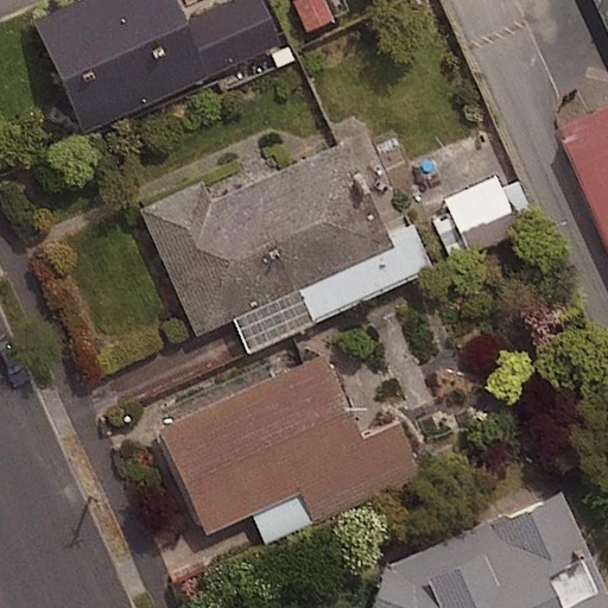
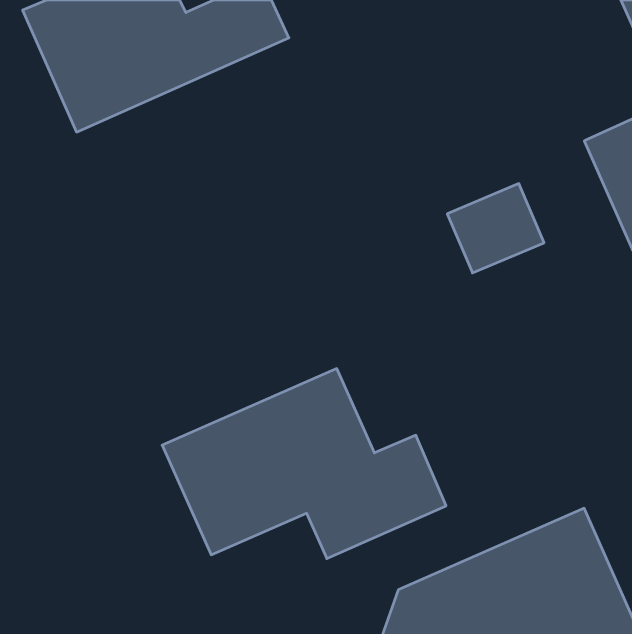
building: [142,140,395,335] -> none

